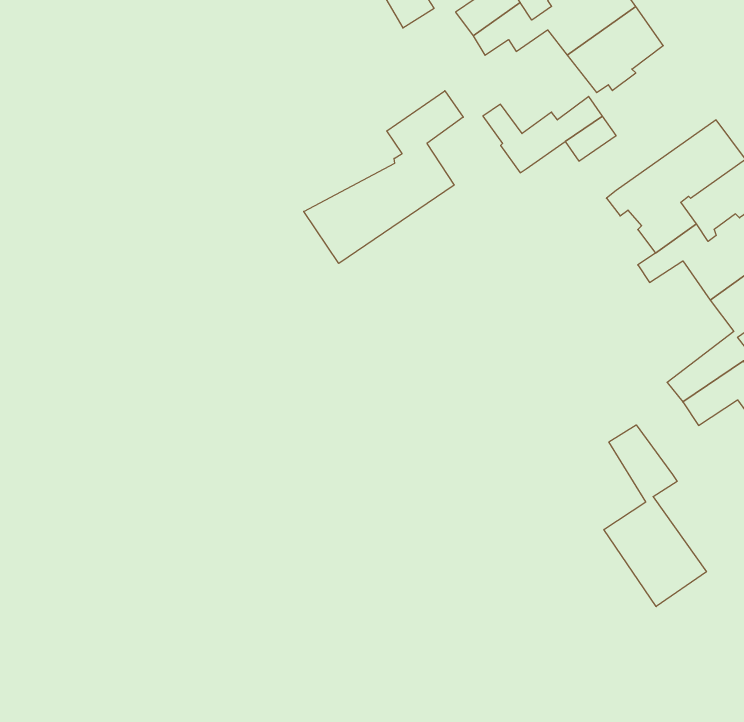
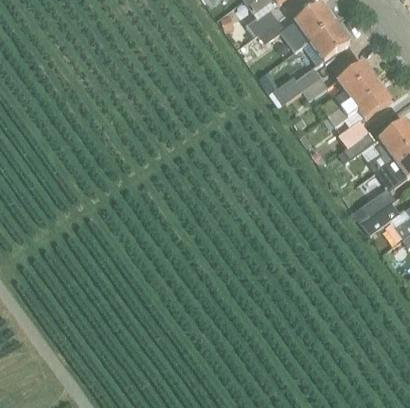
building: none -> [320,59,378,115]
building: [304,91,463,263] -> none
building: [604,425,706,607] -> none

